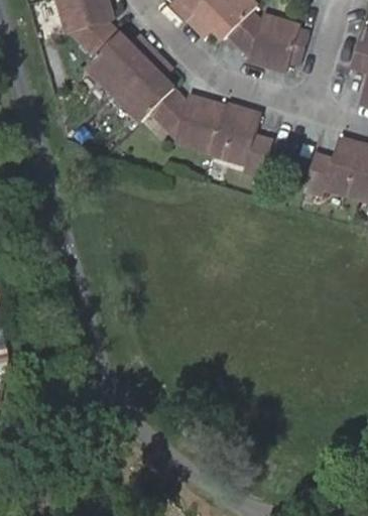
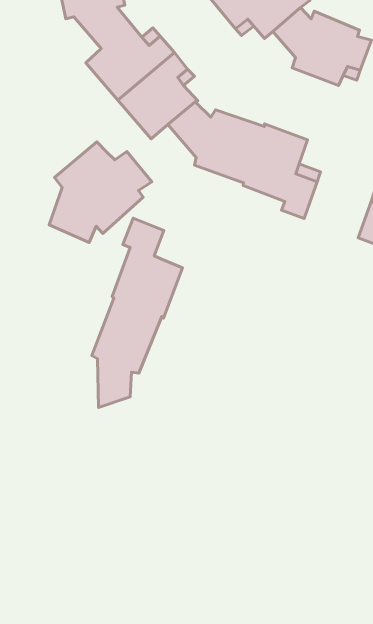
building: none -> [49,142,152,242]
building: none -> [92,218,182,407]

